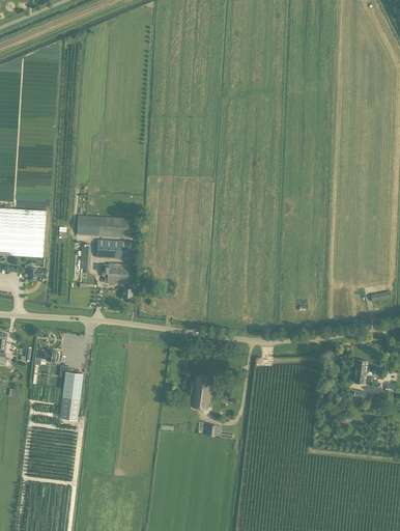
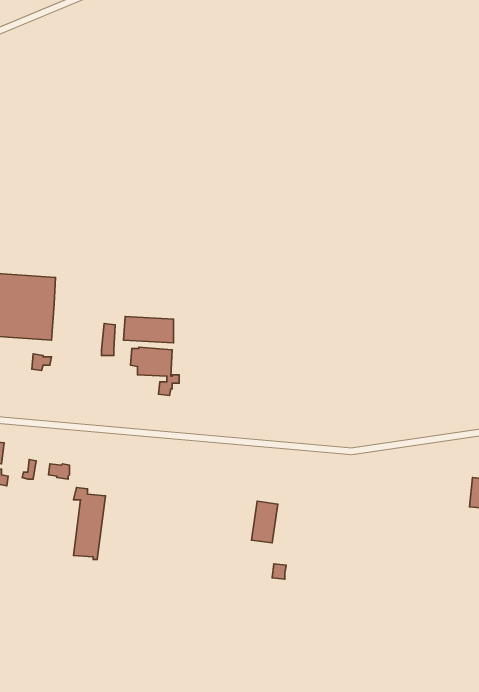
building: [77,215,136,237] -> none

